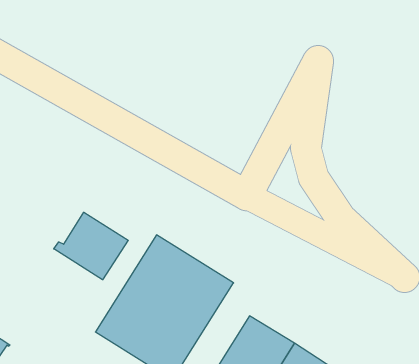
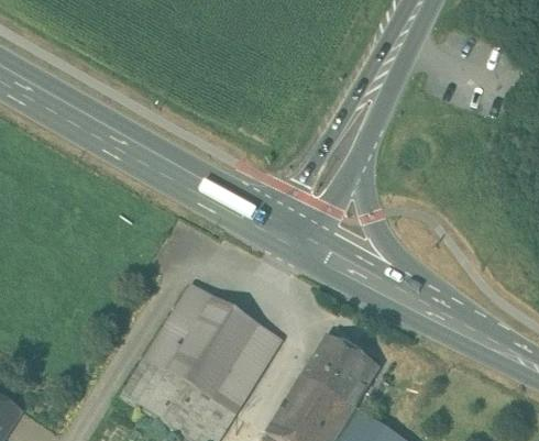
building: [54,212,128,280] -> none
building: none -> [301,333,380,408]

